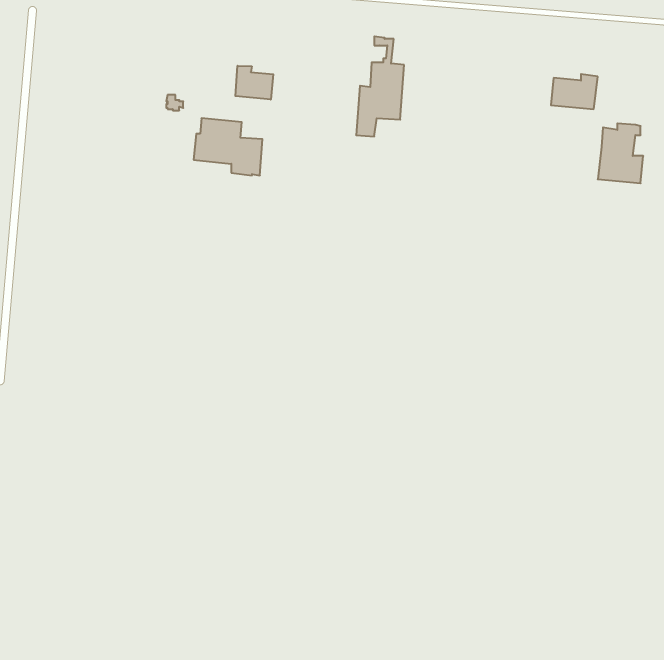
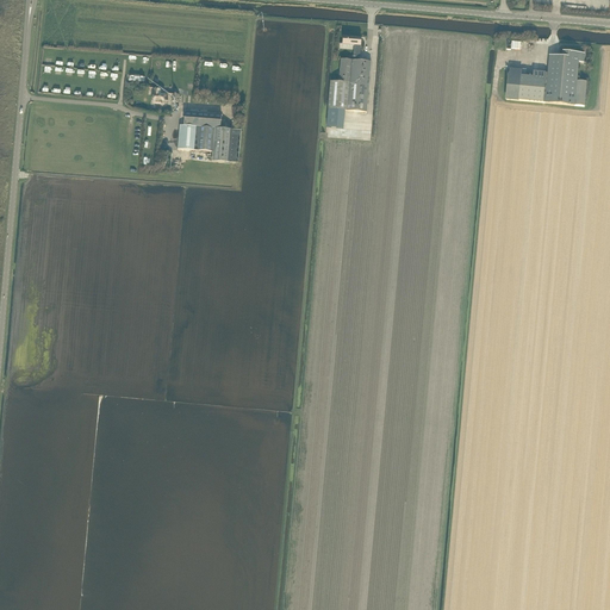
building: [235,66,273,100] -> none
building: [598,123,643,183] -> [544,49,586,104]

